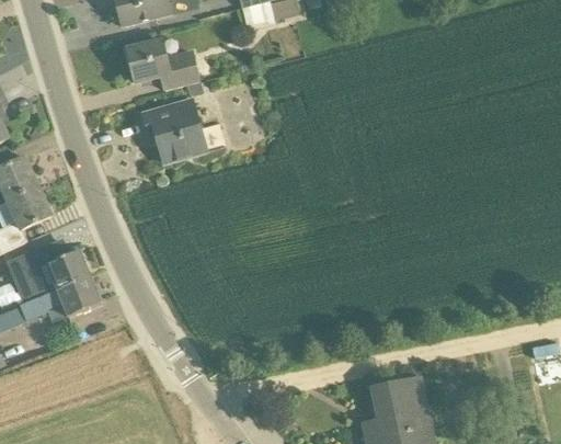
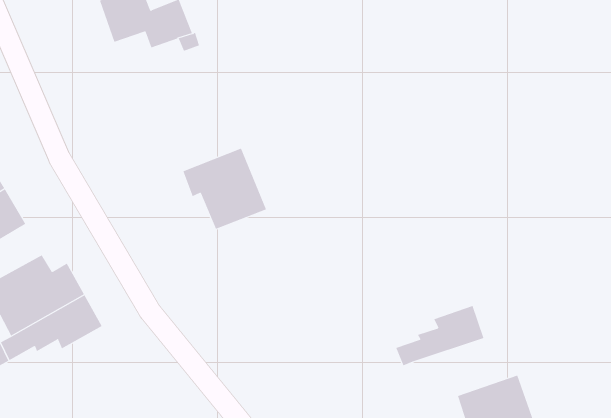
building: [142,100,205,161] -> [182,148,267,229]
building: none -> [396,305,484,366]

